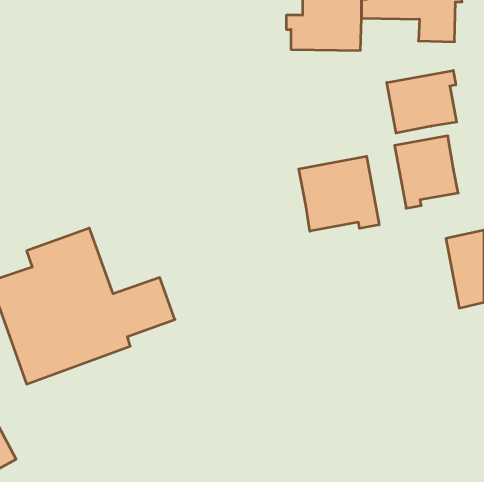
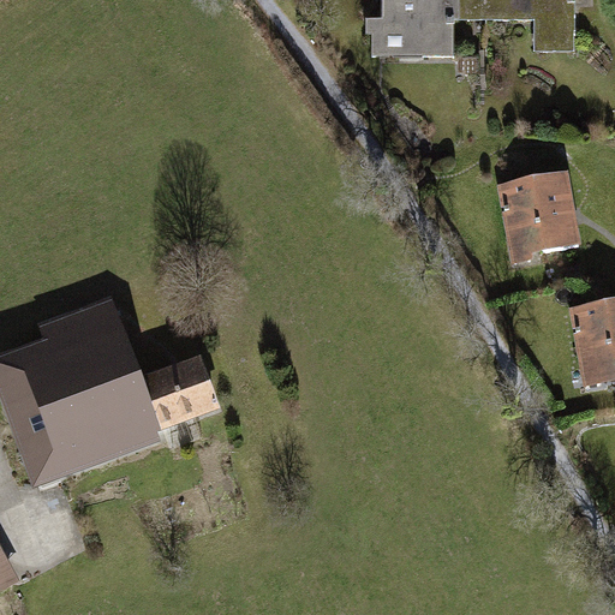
building: [387,70,457,133] -> none
building: [299,156,379,231] -> none

